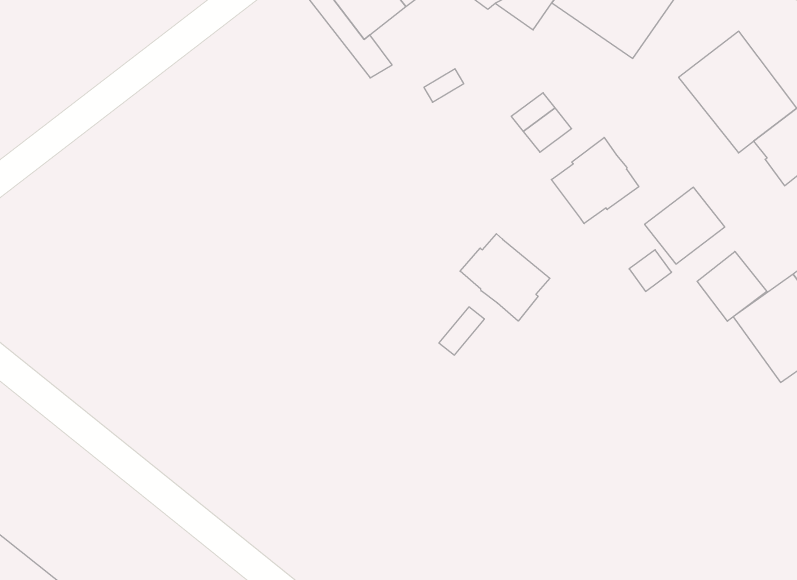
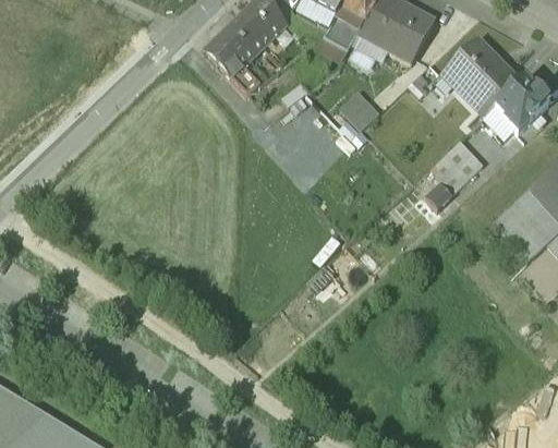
building: [551,137,639,224] -> none
building: [460,234,550,321] -> none
building: [697,251,767,321] -> none

